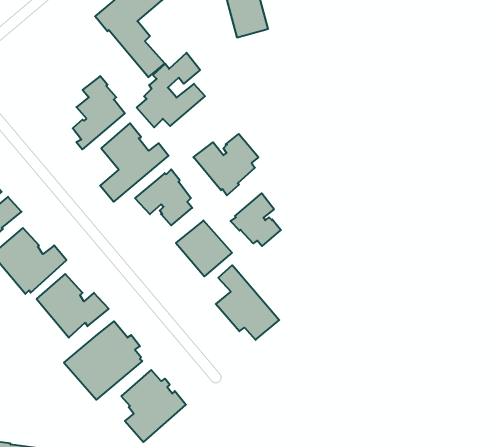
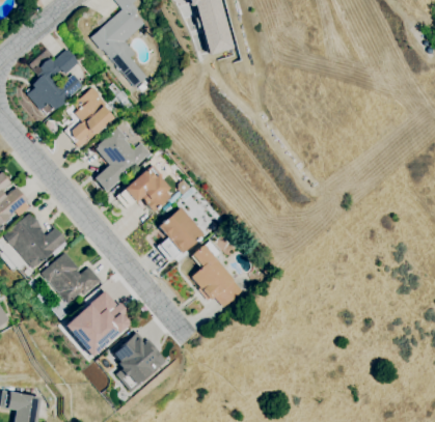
building: [137,53,205,127] -> [26,49,83,111]
building: [193,134,258,195] -> none
building: [231,193,281,246] -> none

